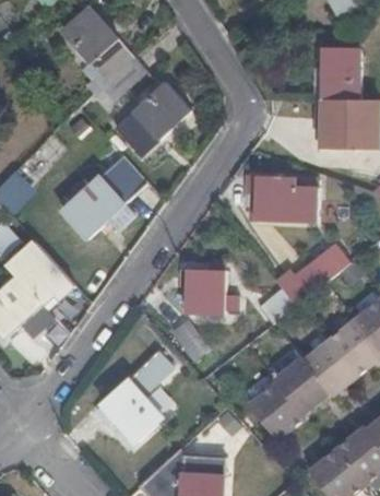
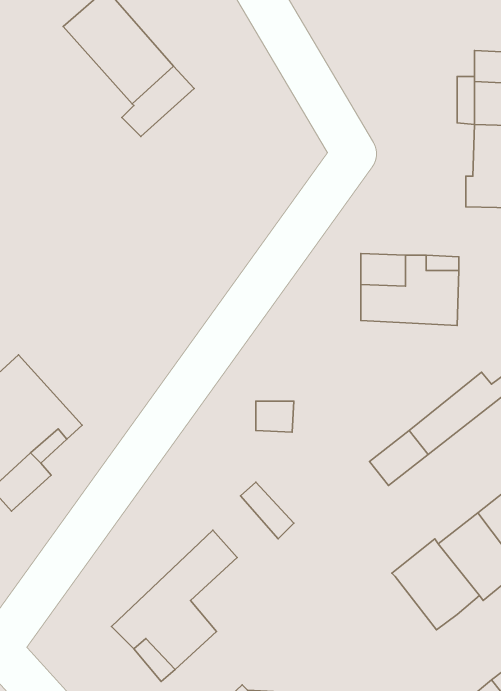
building: [118,83,190,155] -> none
building: [62,157,146,238] -> none
building: [185,270,222,314] -> none
building: [247,381,302,439] -> none

